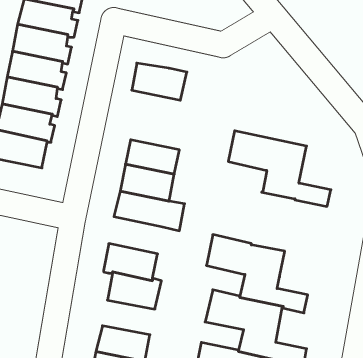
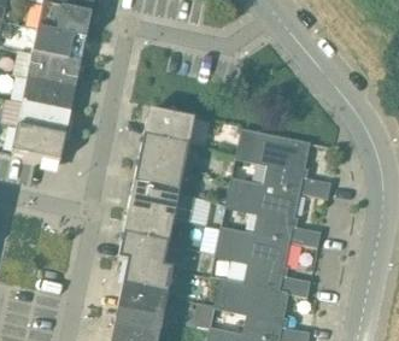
building: [132,63,187,100] -> [142,110,194,145]
building: none -> [224,175,319,246]
building: none -> [122,207,172,242]
building: none -> [116,286,165,318]

